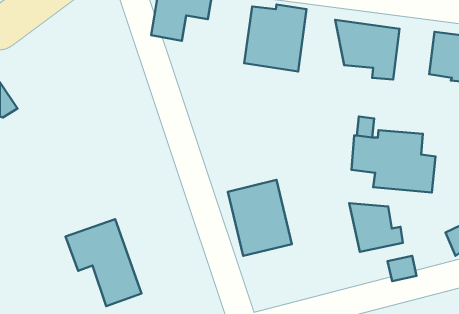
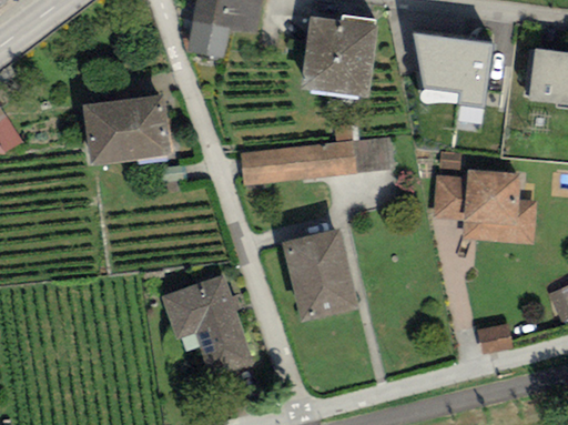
building: none -> [83,94,168,162]
building: none -> [240,122,394,184]
building: [349,203,403,252] -> none
building: [66,219,141,306] -> [160,274,253,381]

